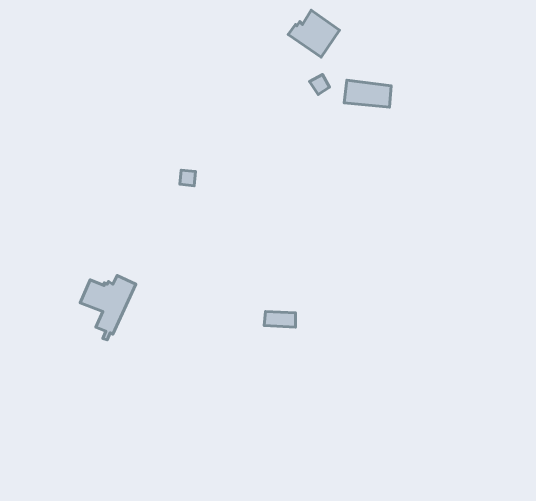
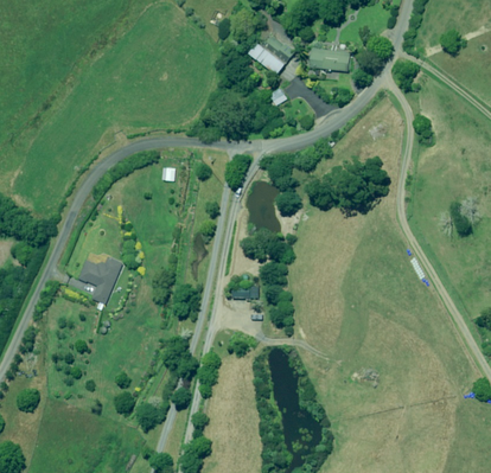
building: [344,80,391,107] -> [310,49,349,71]

